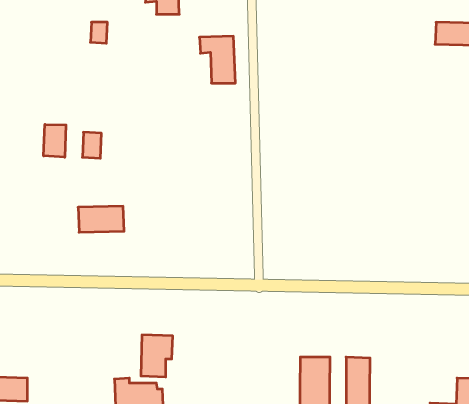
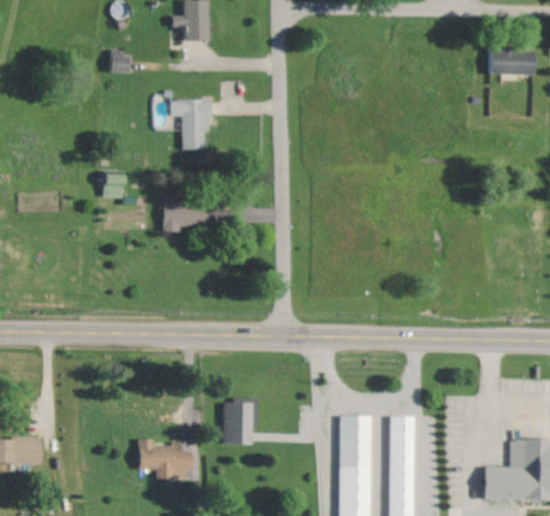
building: [199,36,235,83] -> [169,97,209,149]
building: [44,124,66,157] -> none
building: [78,206,124,232] -> [161,201,211,230]
building: [141,335,173,377] -> [223,399,258,445]

